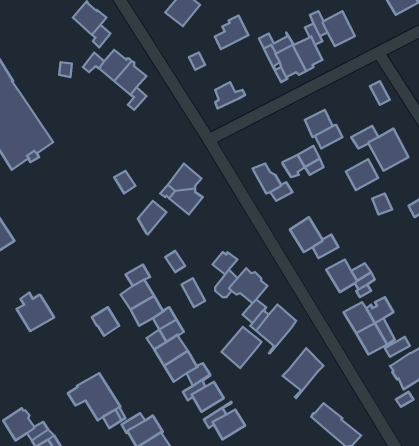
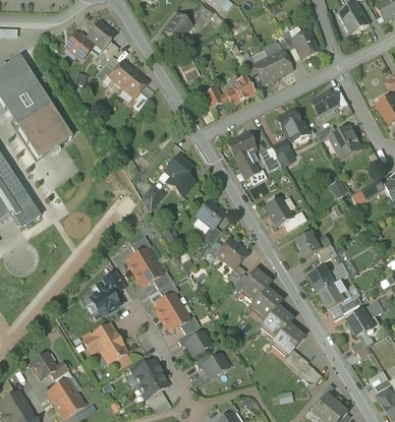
building: none -> [65,33,92,60]
building: [215,15,248,49] -> [226,76,253,104]
building: none -> [227,132,255,158]
building: [346,159,378,190] -> [312,91,338,116]
building: none -> [196,200,224,228]
building: [17,292,54,331] -> [89,284,119,315]
building: [222,327,262,368] -> [248,288,281,321]
building: none -> [270,323,302,357]

